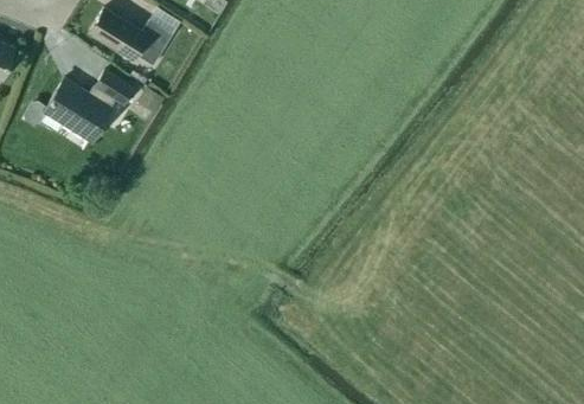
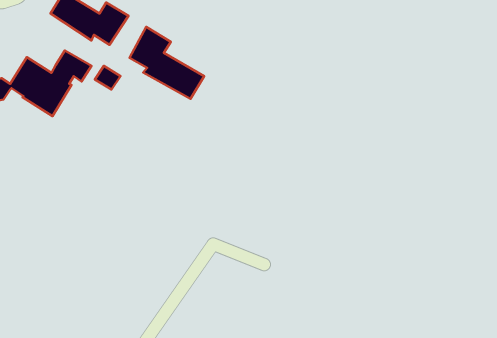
building: none -> [129,27,204,99]

